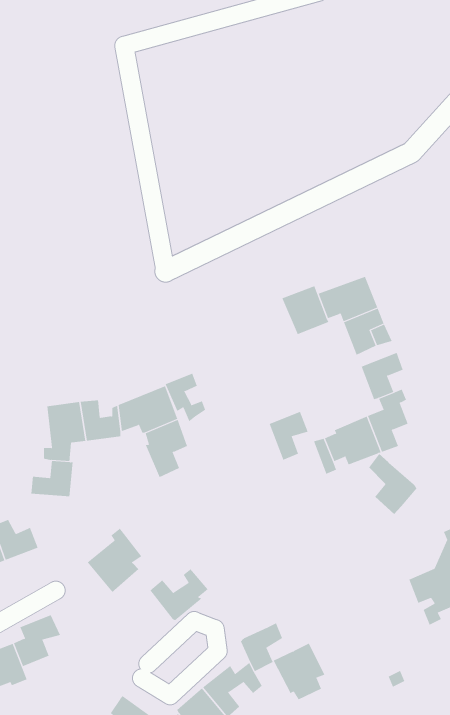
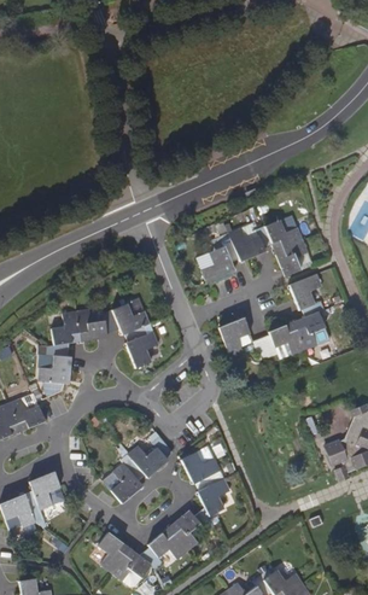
building: none -> [197,232,239,281]
building: [165,373,206,422] -> none
building: [369,453,417,515] -> none
building: [87,528,142,593] -> [103,454,145,503]
building: [273,643,325,700] -> [180,447,220,490]

